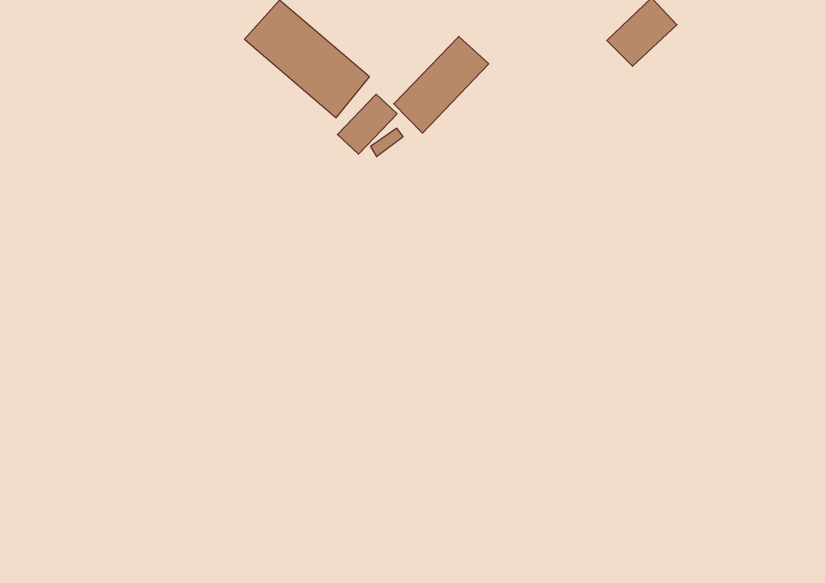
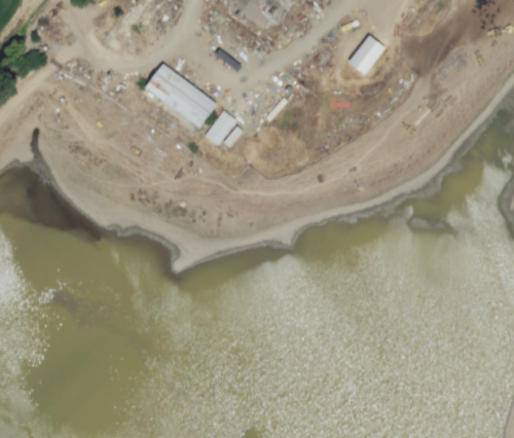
building: [394,36,489,133] -> none

